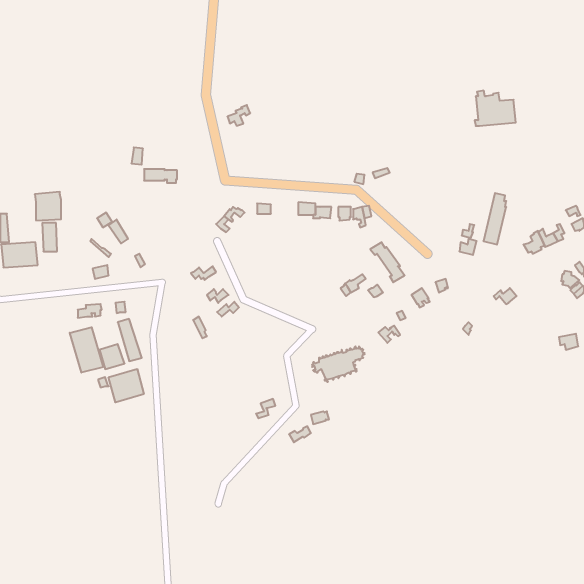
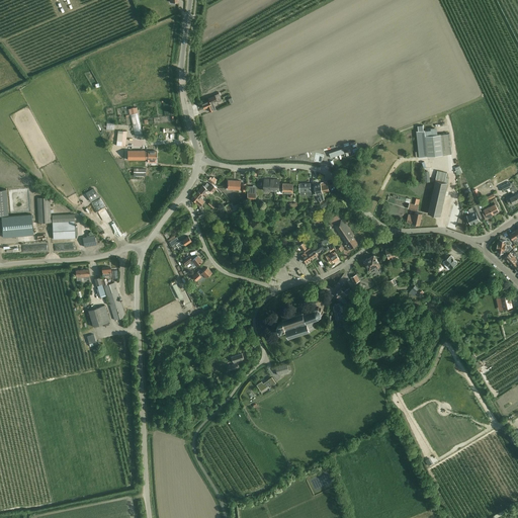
building: [475,91,516,126] -> [415,125,451,157]
building: [35,192,61,220] -> [52,213,75,239]
building: [70,327,103,373] -> none
building: [109,369,144,402] -> none

